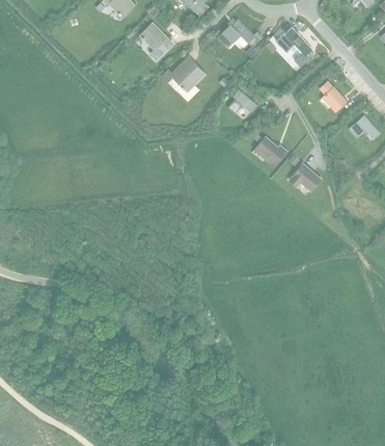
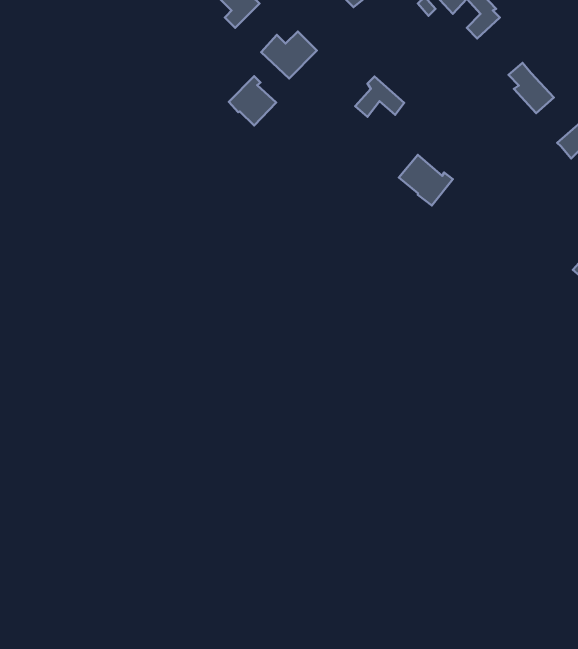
building: none -> [229,76,276,126]
building: [288,162,320,190] -> none

